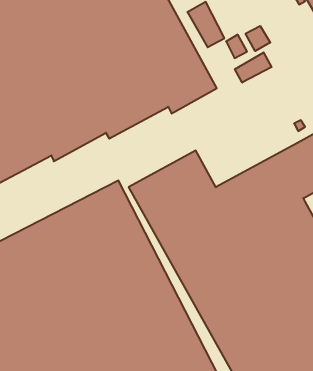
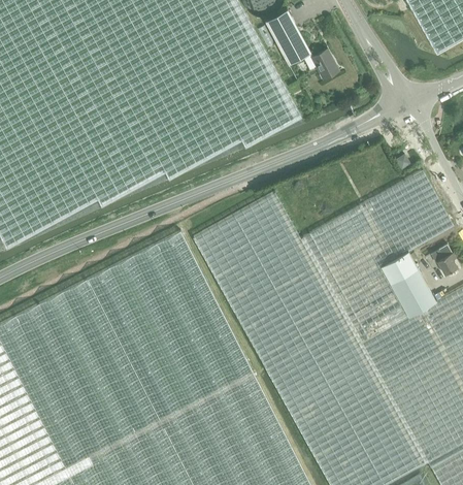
building: [246,26,270,51] -> none
building: [235,52,272,83] -> none

